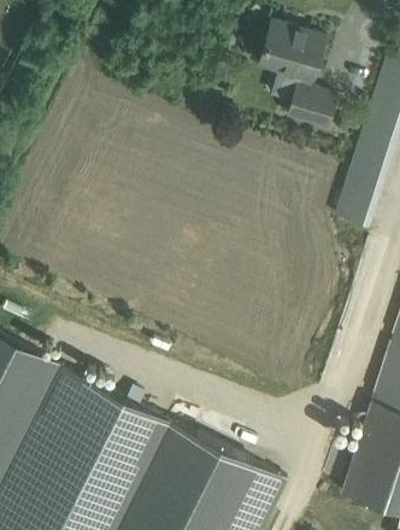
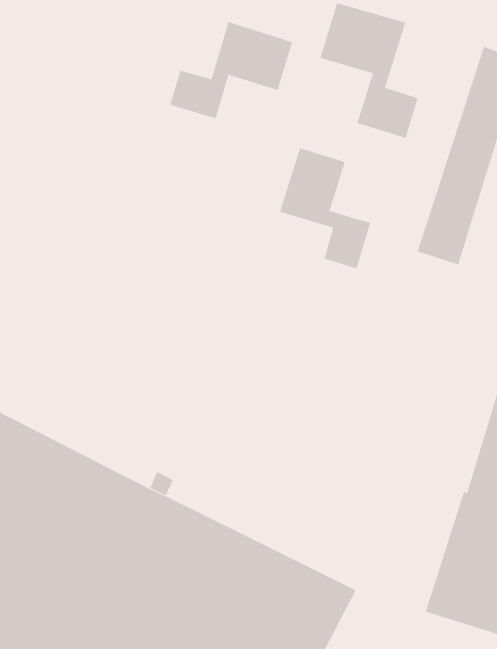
building: none -> [170,21,293,119]
building: none -> [279,148,371,269]

